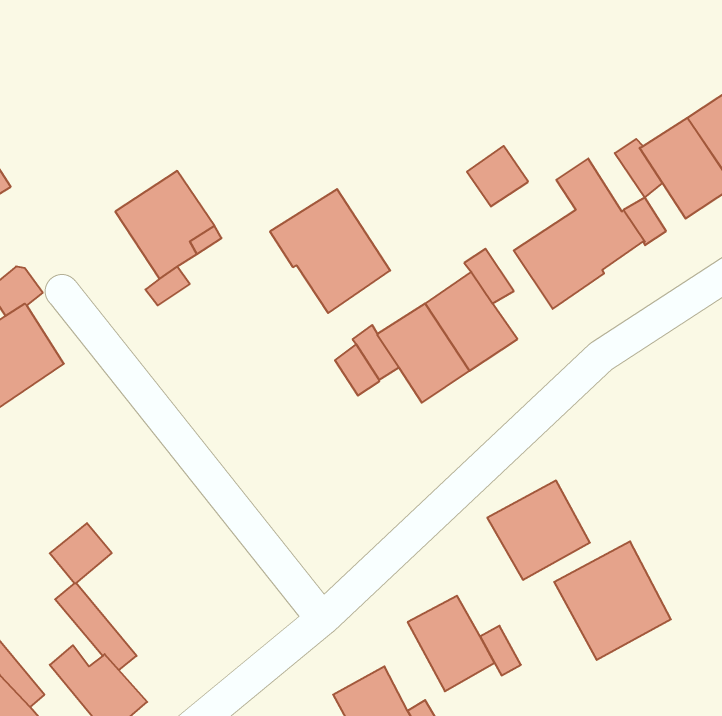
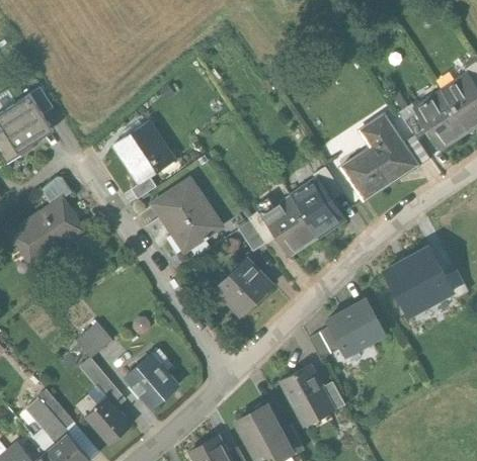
building: [467,146,528,207] -> none
building: [270,189,390,313] -> [152,180,221,251]
building: none -> [214,259,272,316]
building: [554,541,671,660] -> [385,248,452,315]
building: none -> [125,357,178,408]

